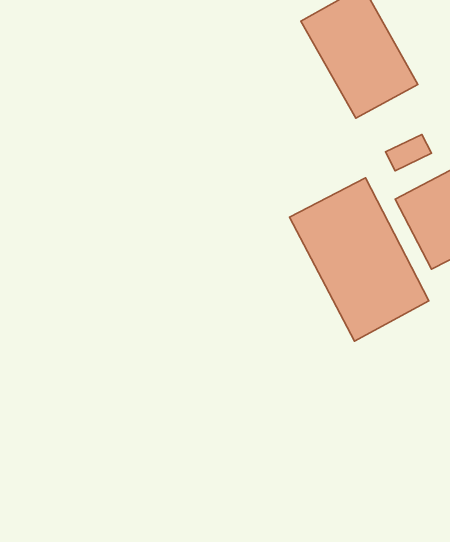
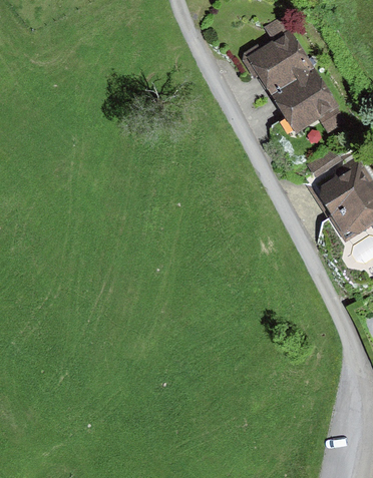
building: [290,178,429,341] -> none

